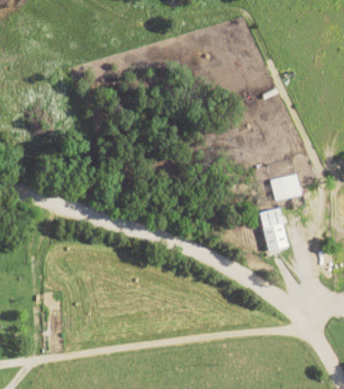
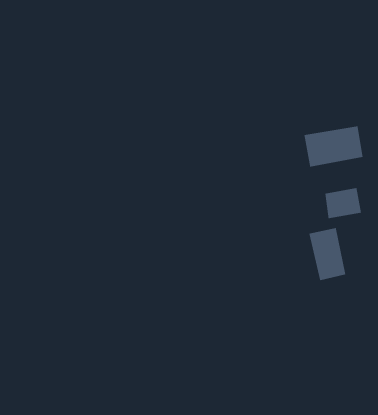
building: none -> [304,126,363,168]

